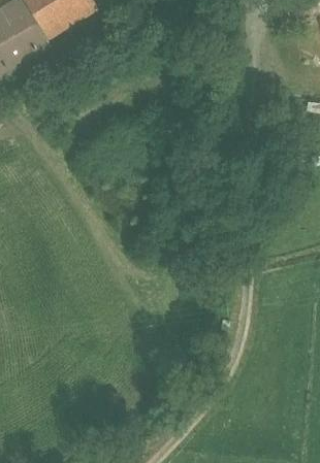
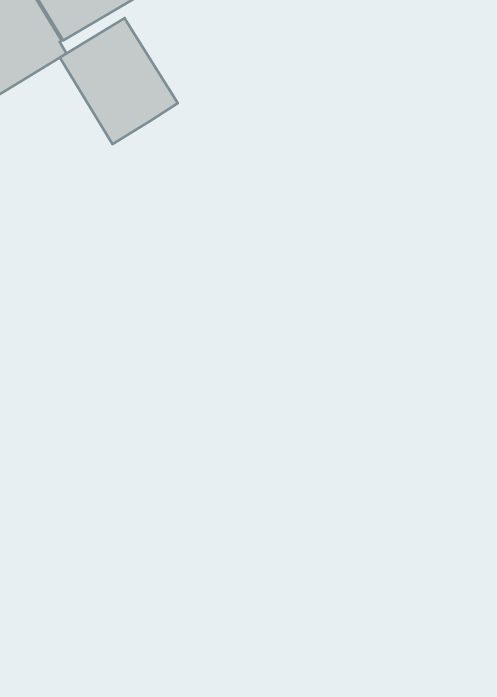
building: none -> [60,18,178,144]

